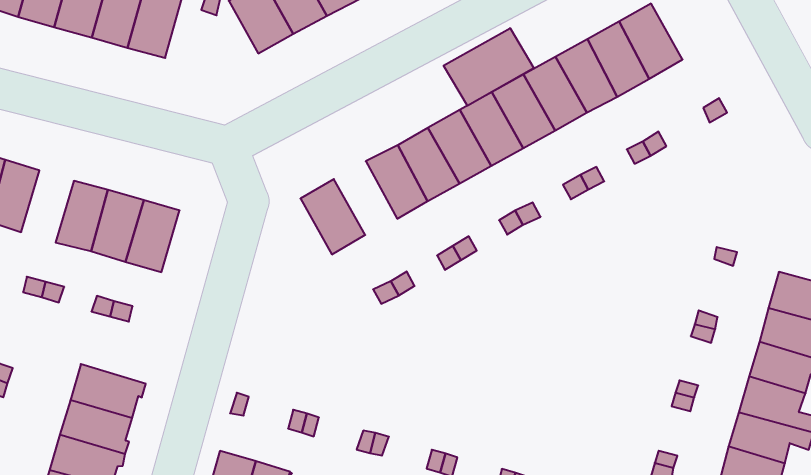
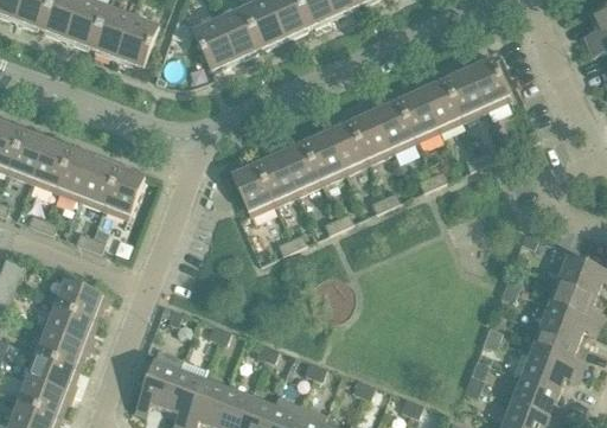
building: [444,28,534,106] -> none
building: none -> [255,151,298,203]
building: none -> [30,138,70,190]

